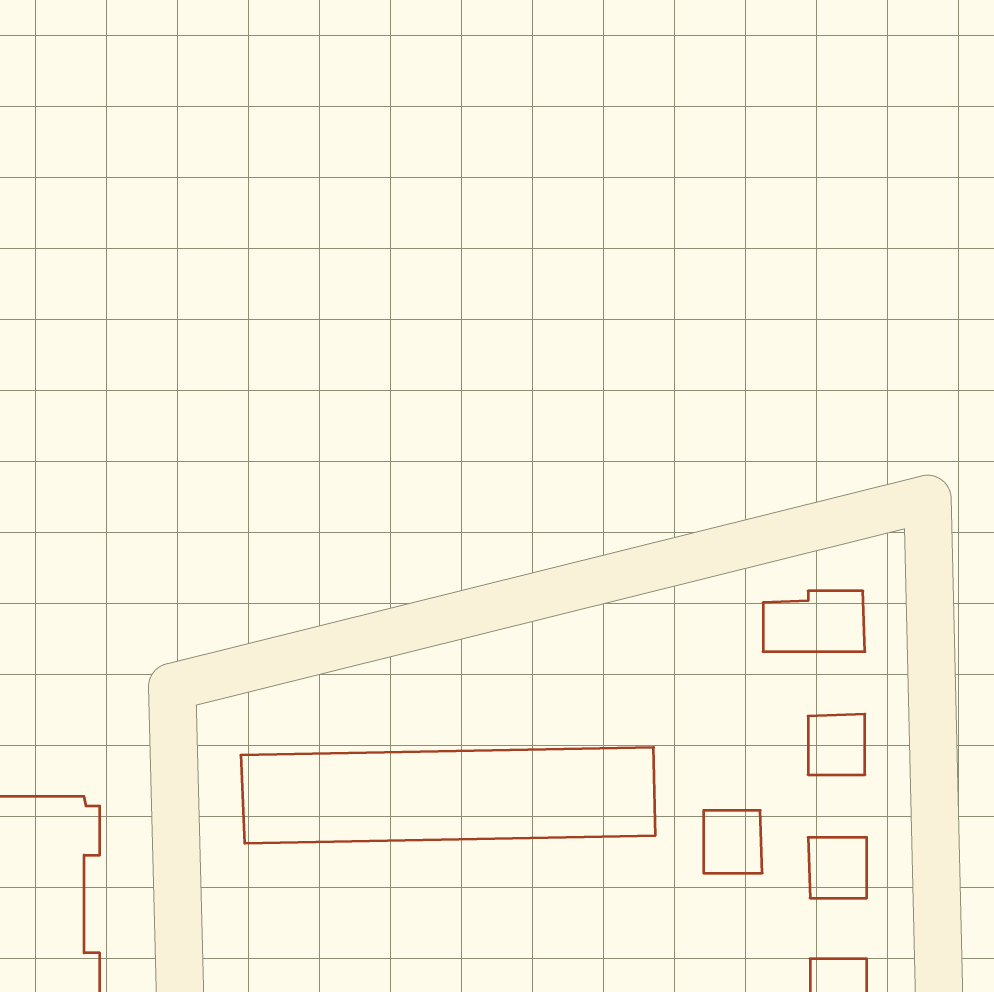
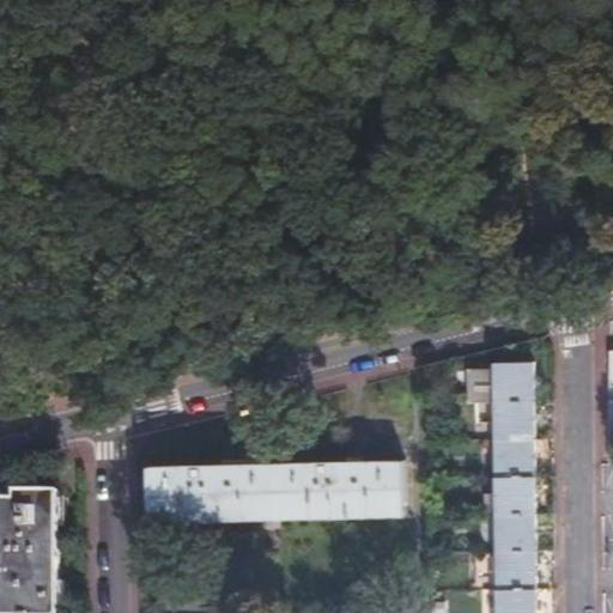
building: none -> [494,403,529,443]
building: [704,810,762,873] -> [494,479,530,517]
building: none -> [496,554,530,591]

